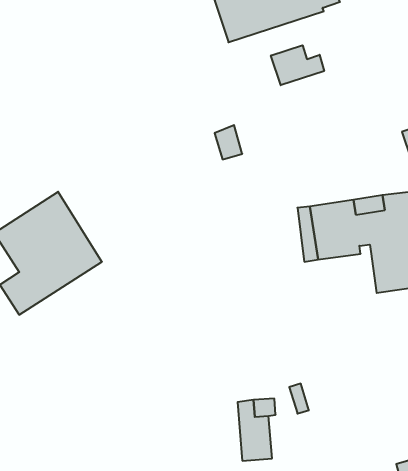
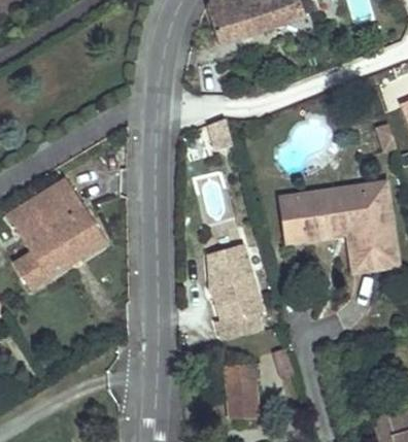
building: [271,45,324,85] -> none
building: none -> [208,243,264,340]

